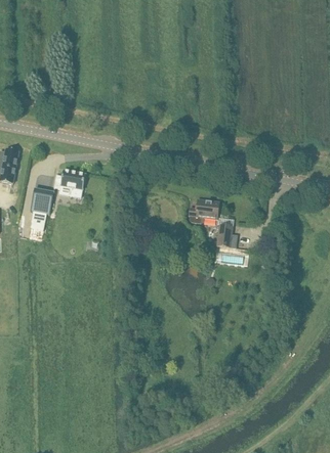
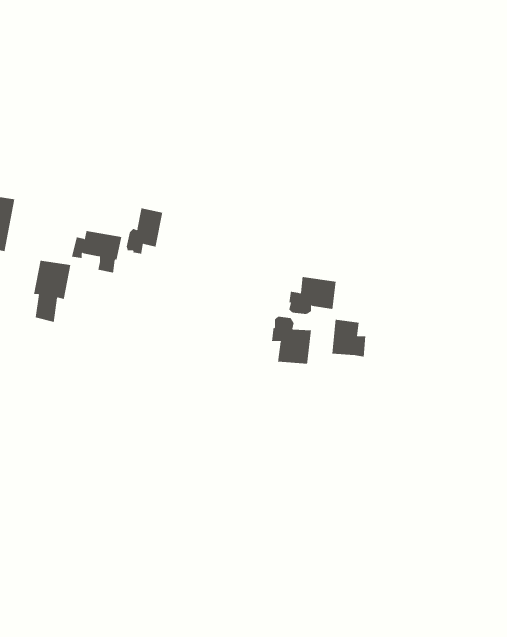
building: none -> [126,208,163,254]
building: none -> [272,316,311,365]

